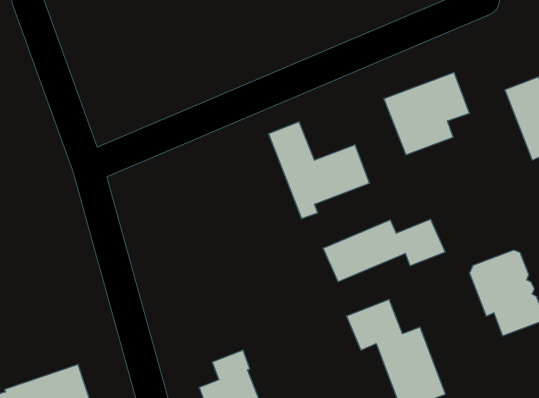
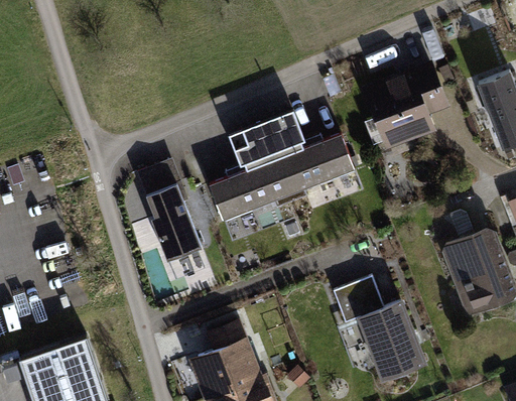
building: none -> [209,124,291,221]
building: none -> [146,183,201,261]
building: [323,219,445,282] -> none

